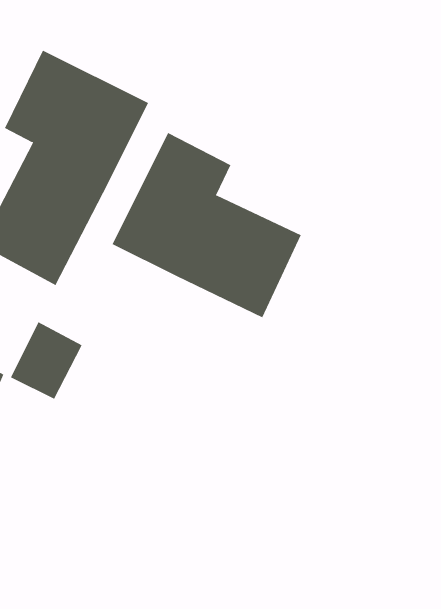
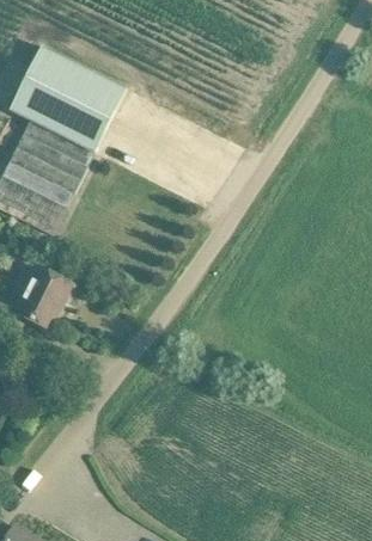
building: [112,132,302,318] -> none

